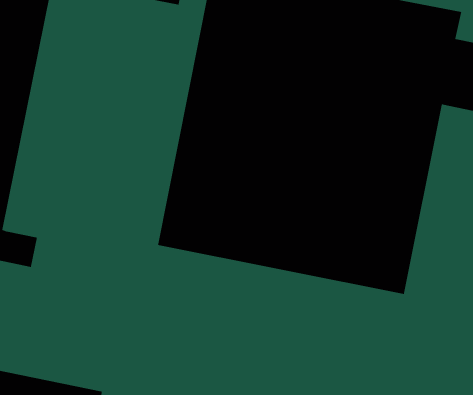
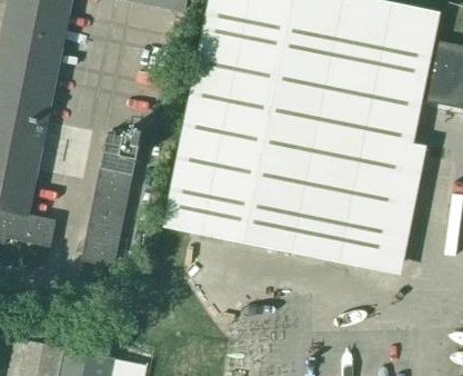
building: none -> [82,132,144,268]

